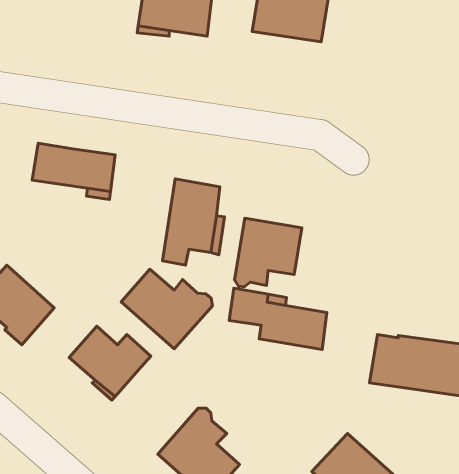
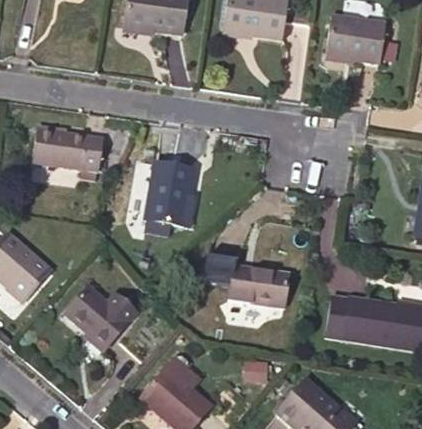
building: none -> [326,13,386,64]
building: [234,218,302,287] -> none
building: [121,269,212,349] -> none

